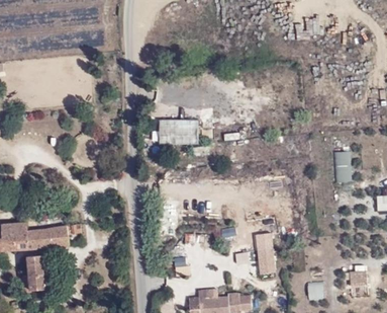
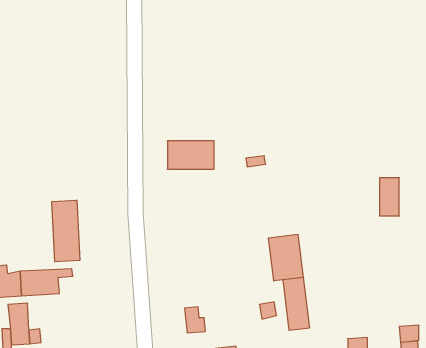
building: none -> [52,200,80,262]
building: none -> [268,234,303,281]

